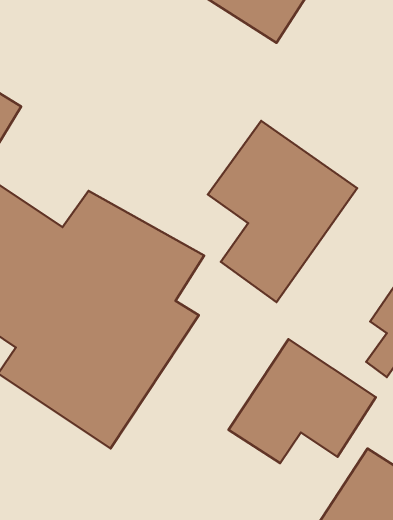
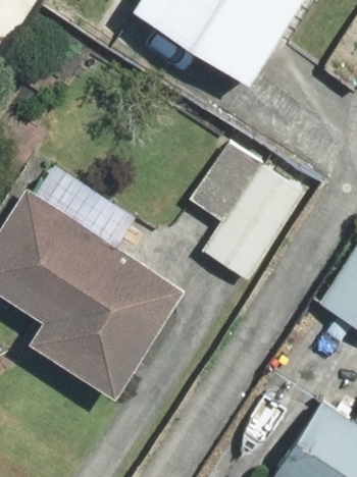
building: [229,339,376,463] -> none

